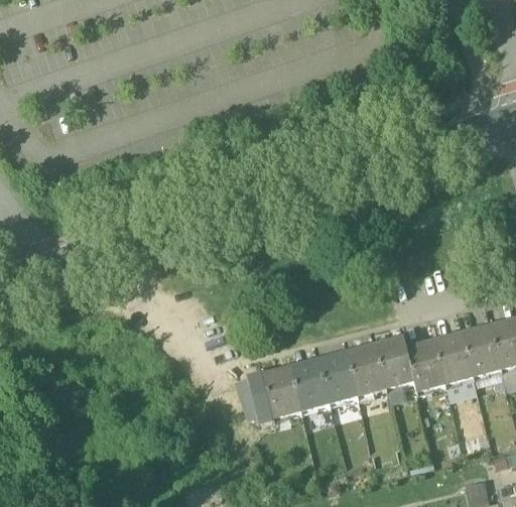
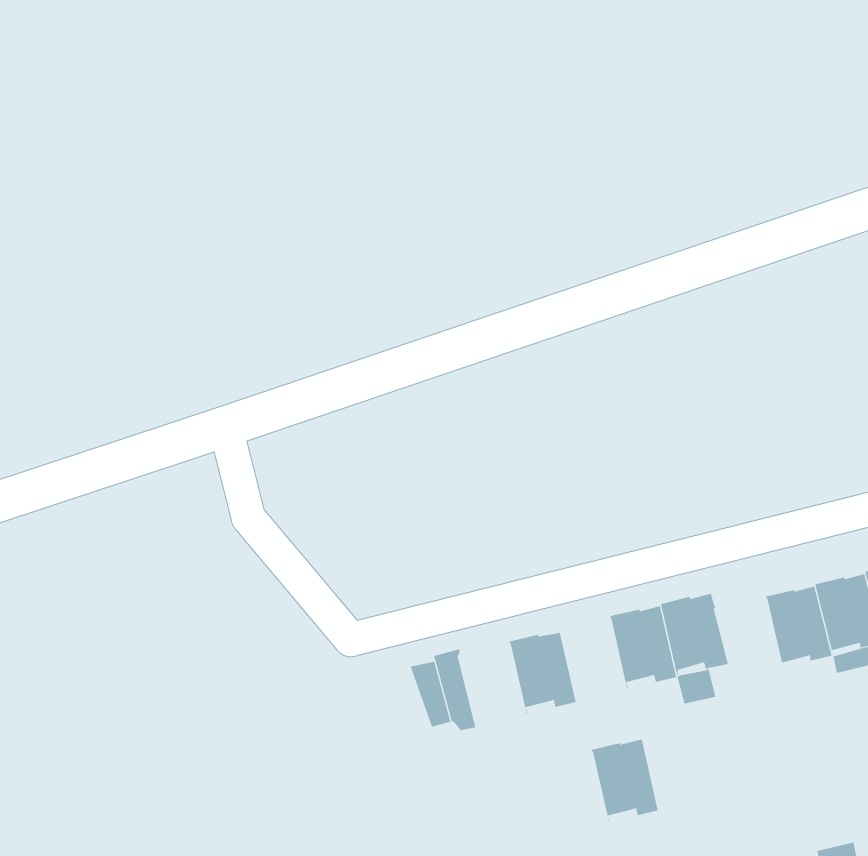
building: [406,342,444,389] -> none
building: [318,353,357,400] -> [591,739,659,823]
building: [262,368,300,414] -> none

